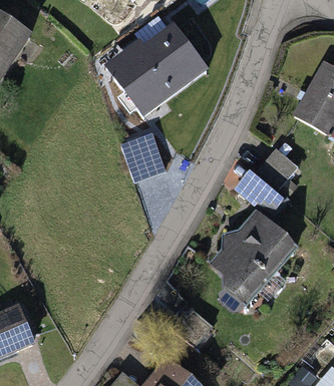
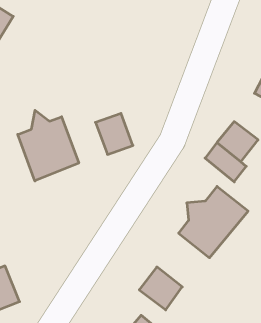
building: [110,26,206,115] -> none
building: none -> [18,110,79,181]

